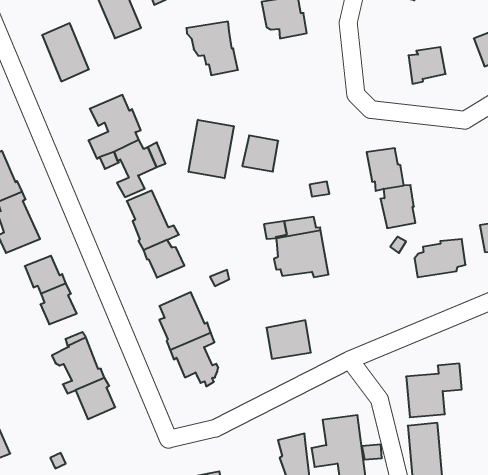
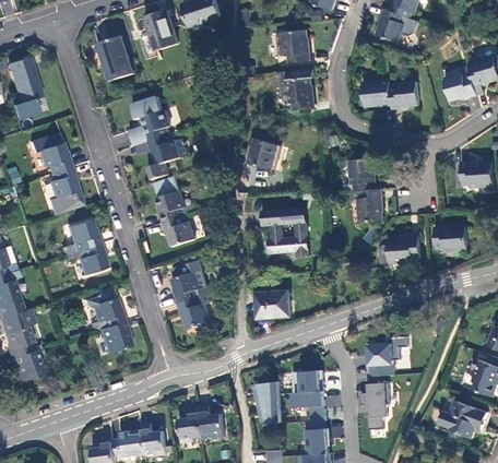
building: [186,22,238,75] -> [275,69,313,110]
building: none -> [361,80,390,106]
building: [189,120,234,178] -> none

